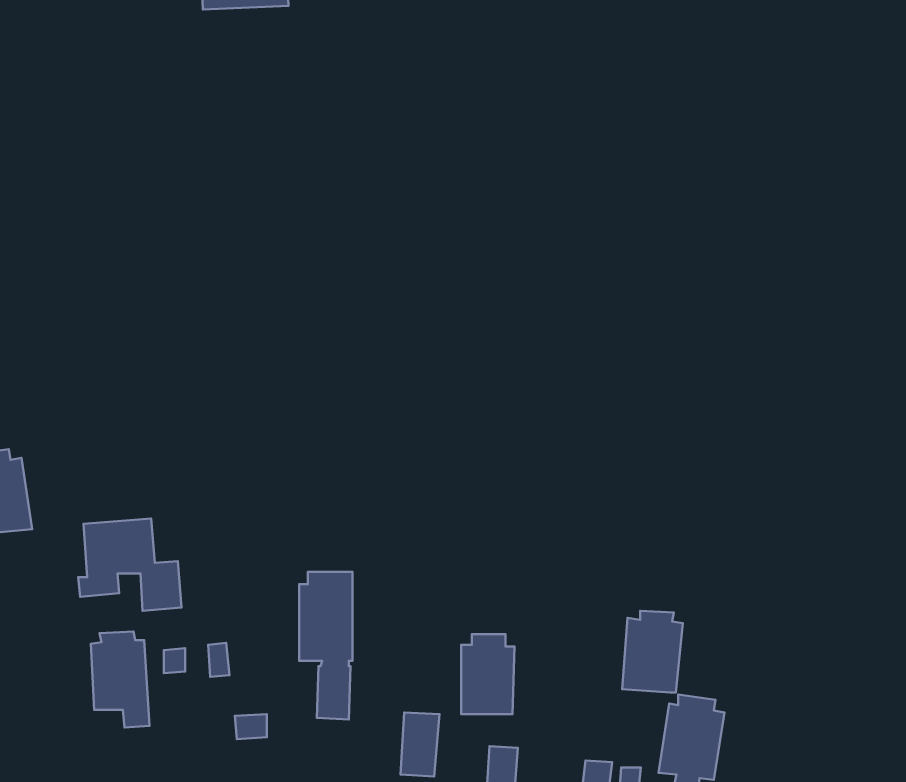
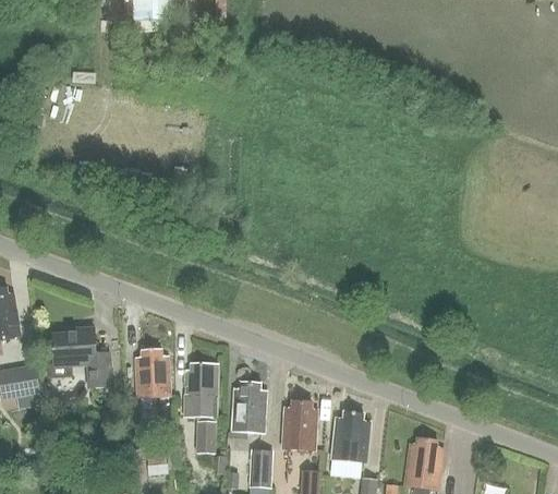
building: none -> [9,366,37,400]
building: none -> [232,383,265,434]
building: [622,611,683,693] -> [331,412,368,462]
building: [91,631,149,727] -> [135,350,171,409]

